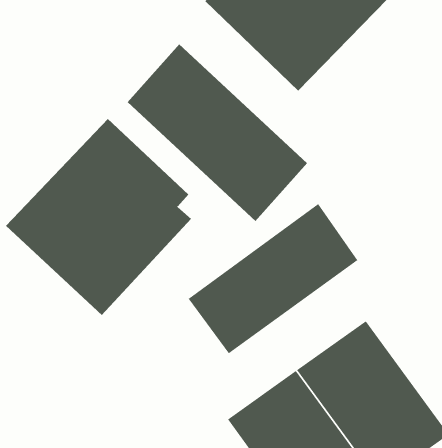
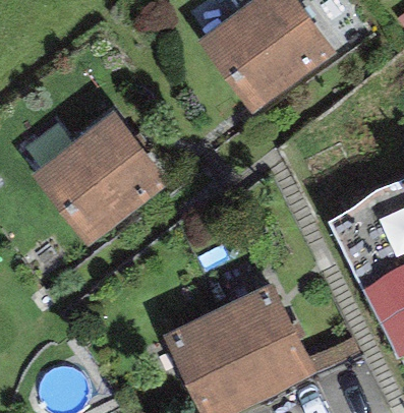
building: [127,43,308,222] -> none
building: [188,203,358,354] -> none

